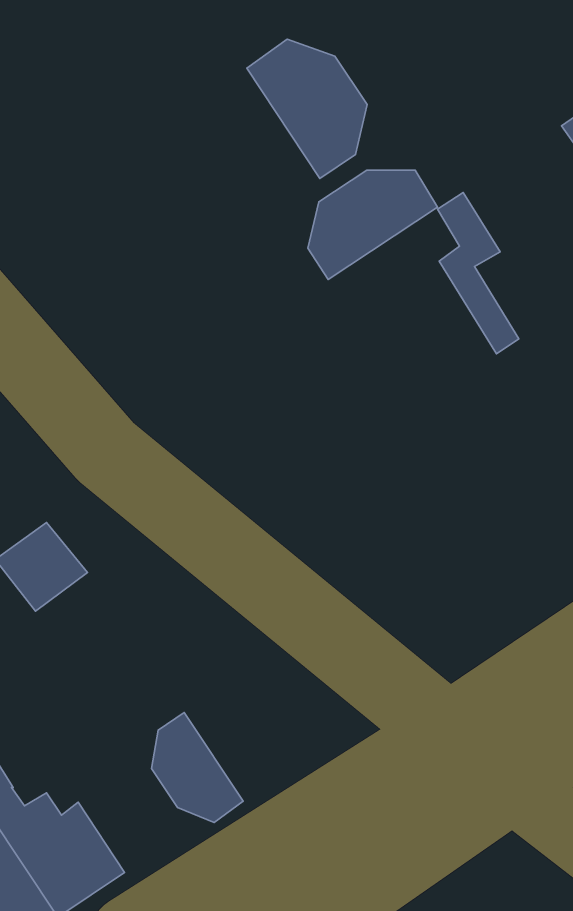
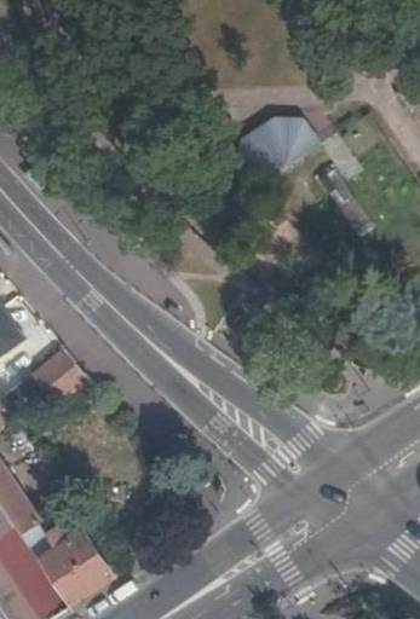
building: [247,39,367,179] -> none
building: [151,712,243,822] -> none

